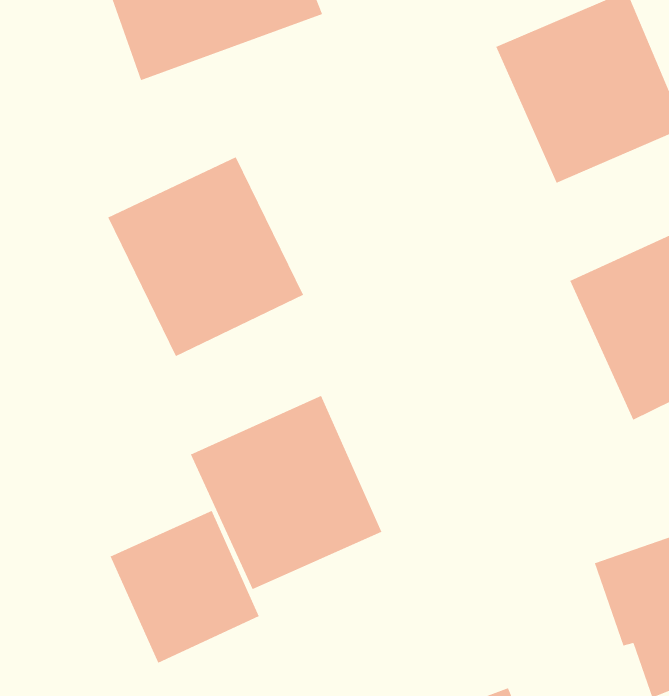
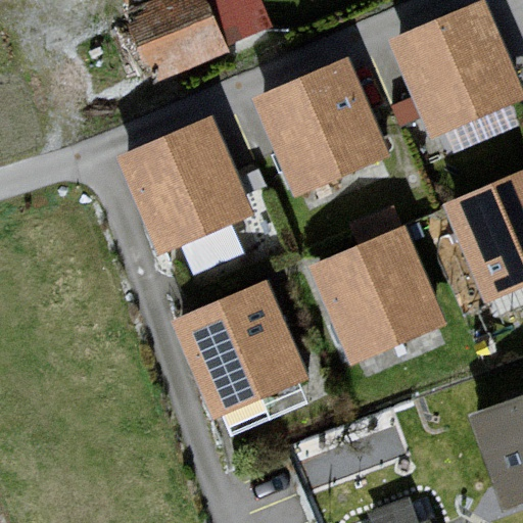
building: none -> [254,59,389,196]
building: none -> [313,227,448,366]
building: [109,510,260,664] -> none

